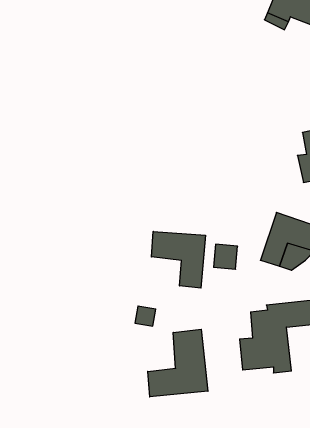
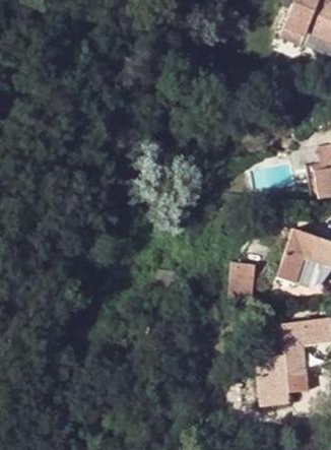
building: [151,231,205,288] -> none
building: [148,329,208,397] -> none

